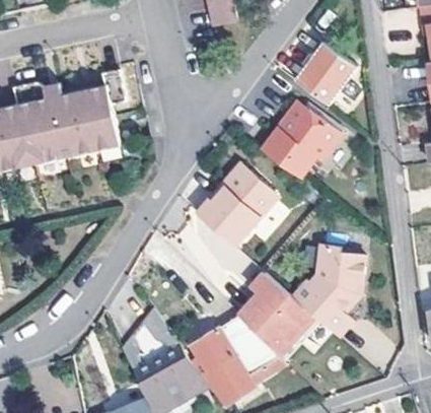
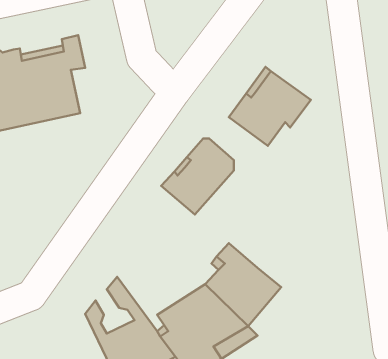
building: [297,40,361,104] -> none
building: [291,246,363,340] -> none

